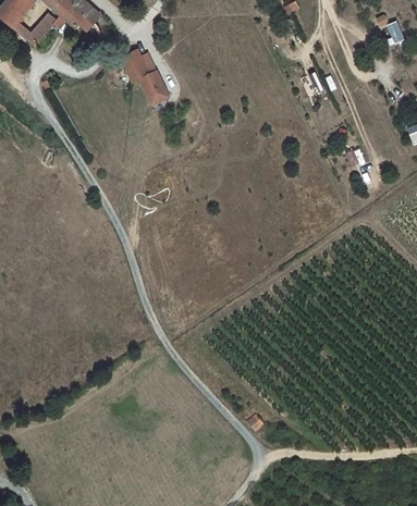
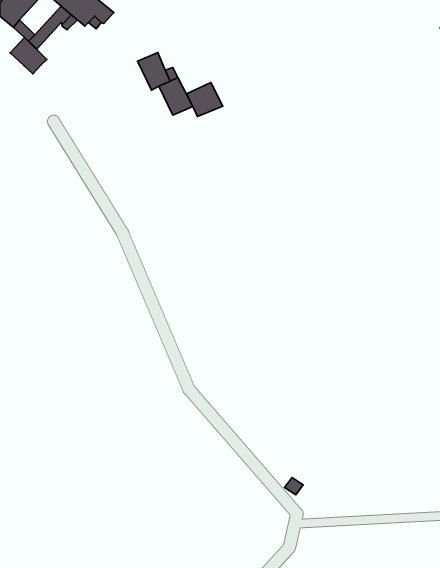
building: none -> [10,38,47,74]
building: none -> [187,82,223,117]

